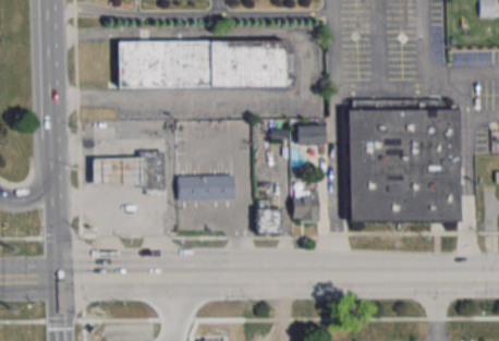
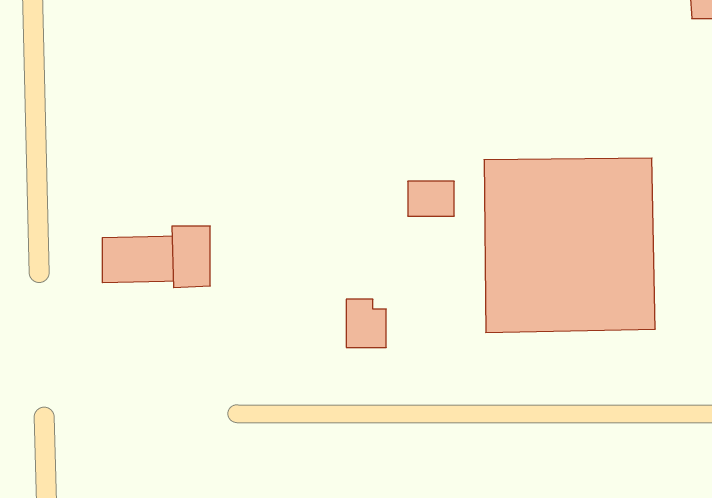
building: [117,39,285,87] -> none
building: [179,175,235,200] -> none
building: [293,190,318,220] -> none

